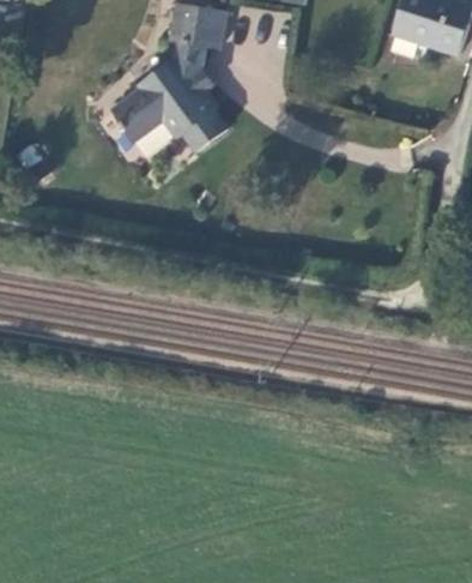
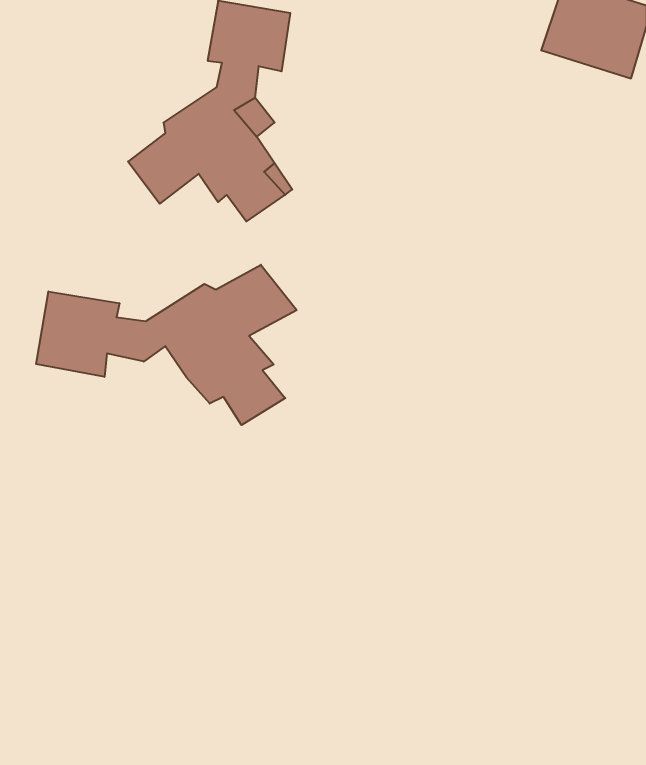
building: none -> [36,265,297,425]

